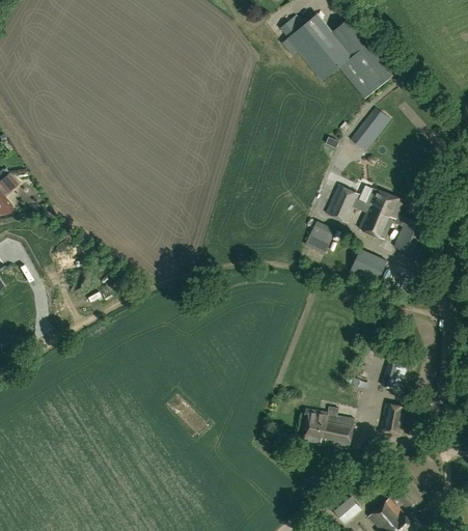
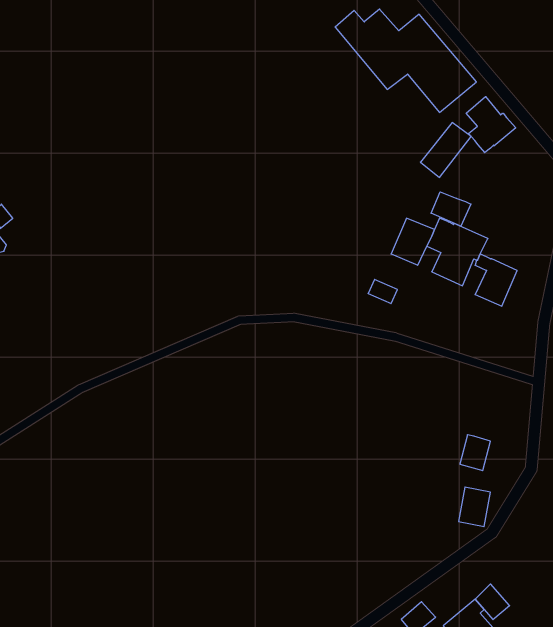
building: none -> [466,97,516,153]
building: none -> [431,192,471,226]
building: [350,250,386,284] -> none
building: [303,408,354,447] -> none

